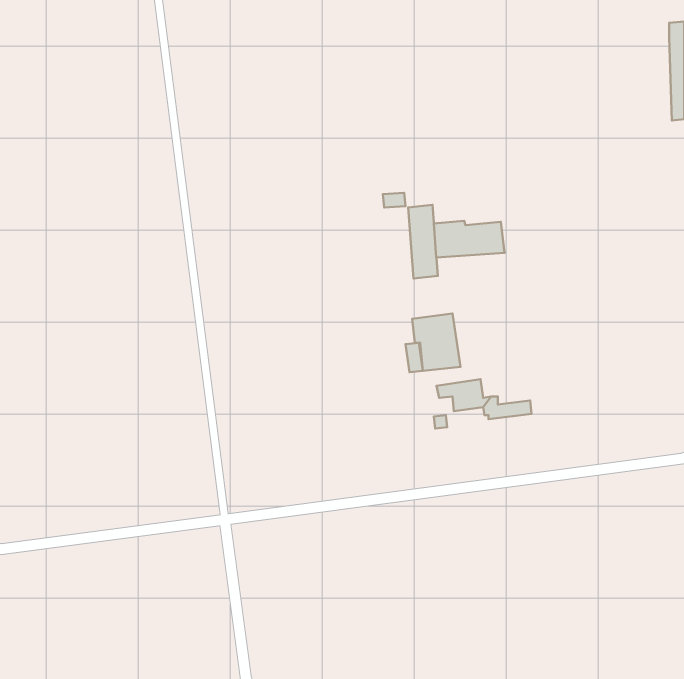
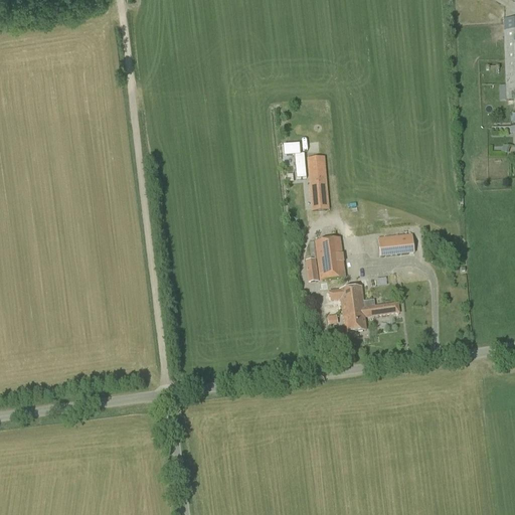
building: [434,221,504,257] -> none
building: none -> [377,231,414,254]
building: none -> [341,306,367,331]

